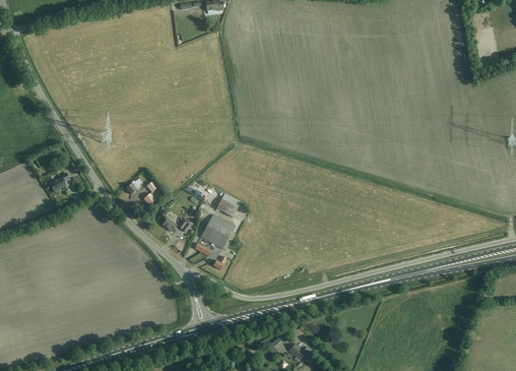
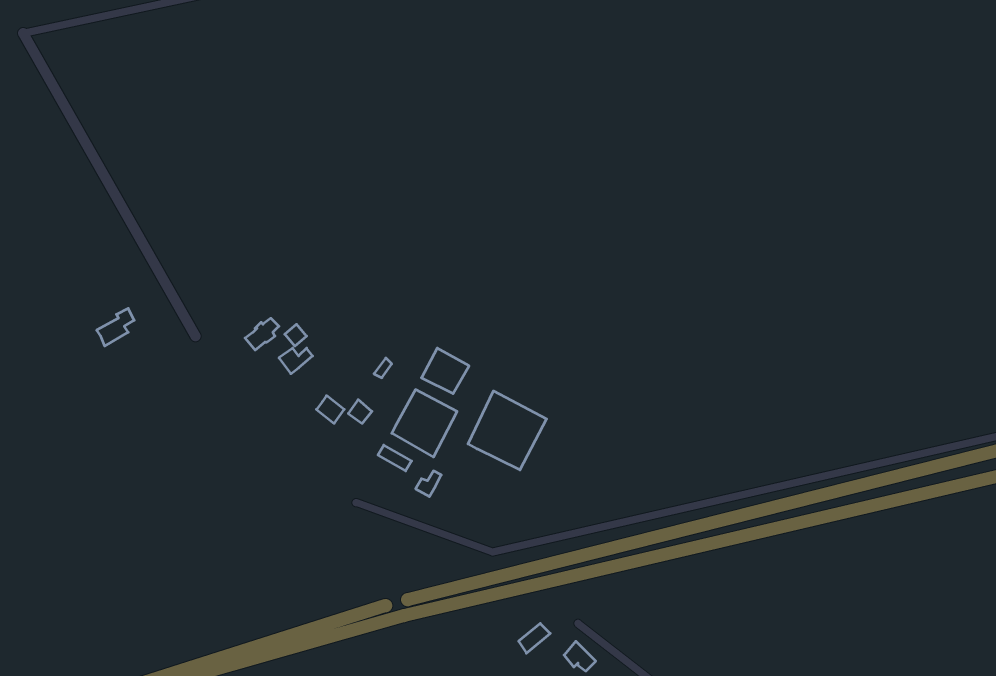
building: none -> [468,391,547,470]

